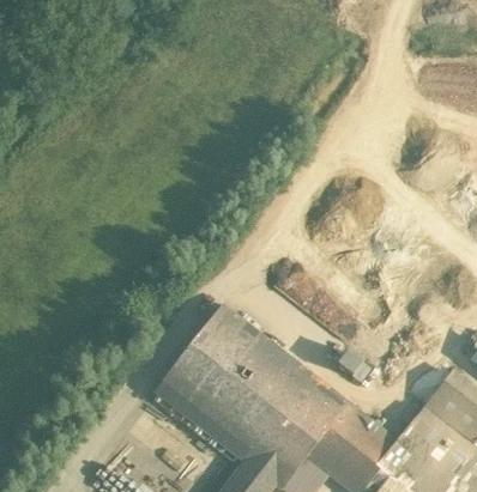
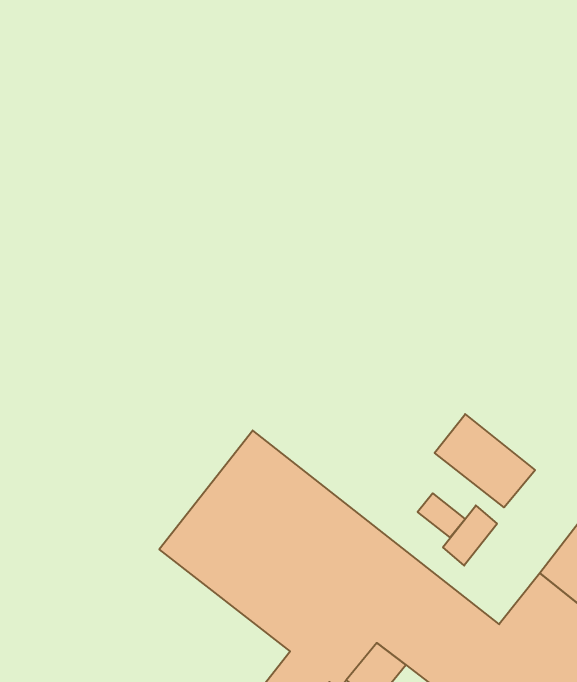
building: none -> [435,414,535,507]
building: none -> [443,505,497,566]

